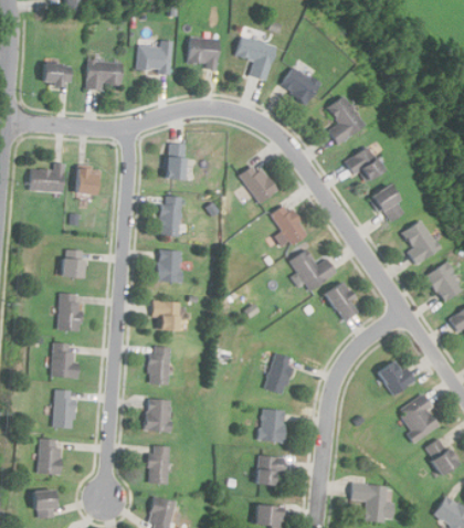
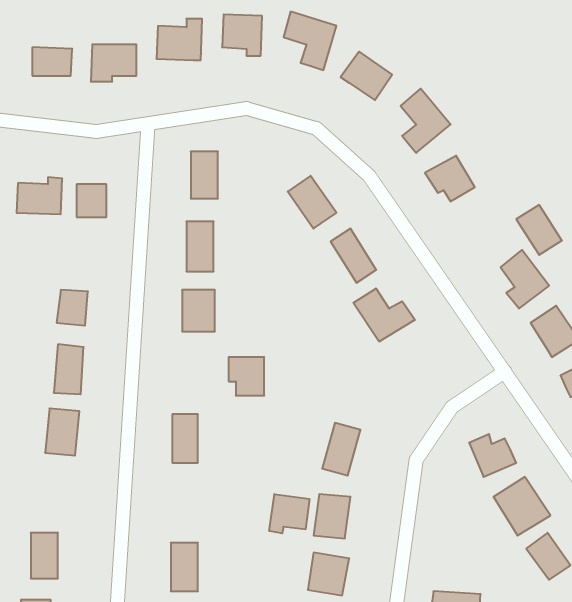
building: [370,184,405,223] -> [516,205,562,255]
building: [323,282,359,321] -> none
building: [151,300,179,330] -> [229,357,264,396]
building: [54,390,75,429] -> none
building: [146,400,171,431] -> none
building: none -> [269,494,309,533]

